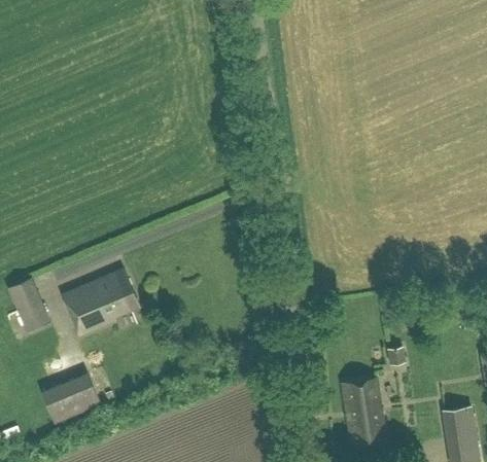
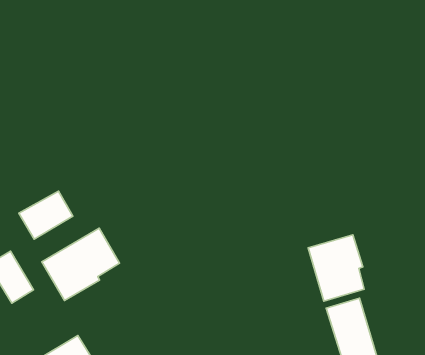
building: none -> [19,191,73,239]
building: none -> [308,235,364,301]

